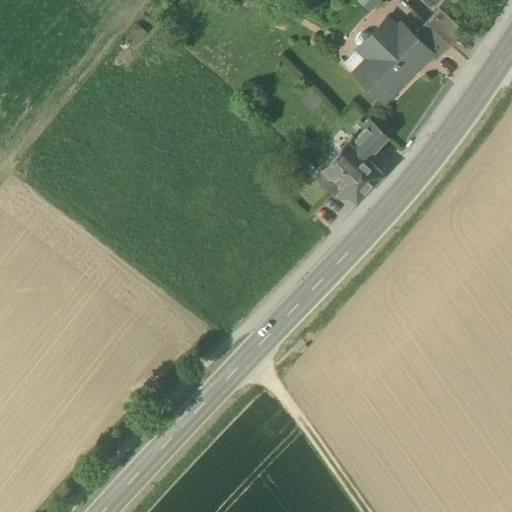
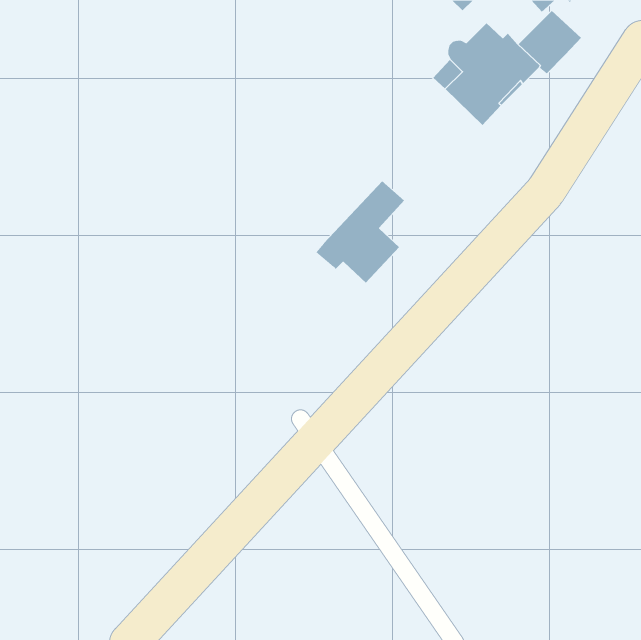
building: [317,121,388,203] -> [316,180,405,284]

